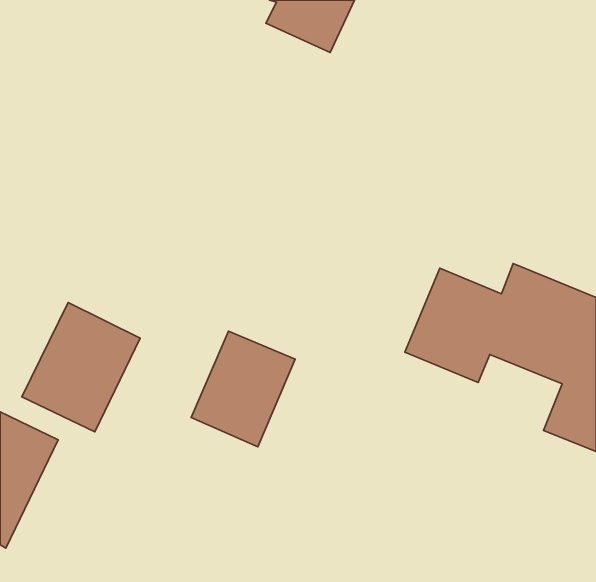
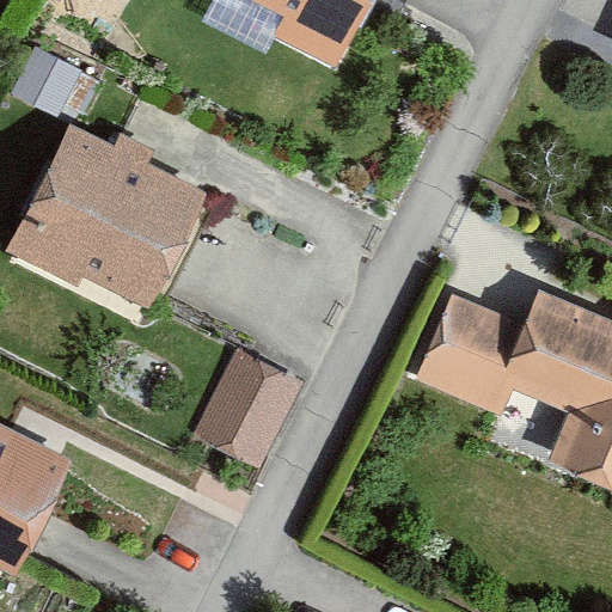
building: none -> [11,127,192,302]
building: [22,303,140,432] -> none

